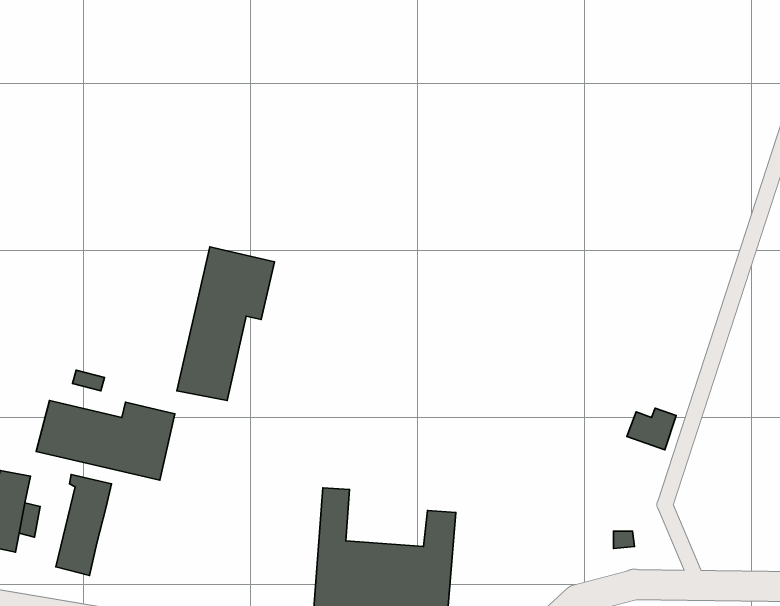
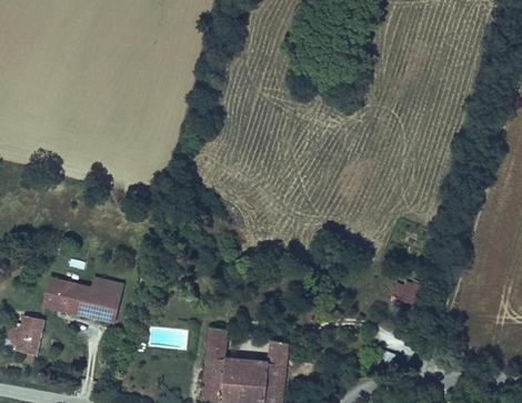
building: [177,247,275,401] -> none
building: [56,475,112,576] -> none

